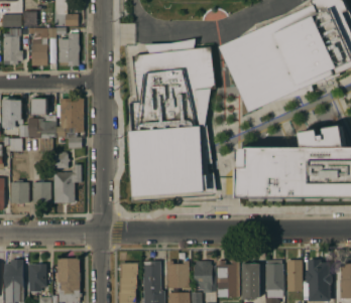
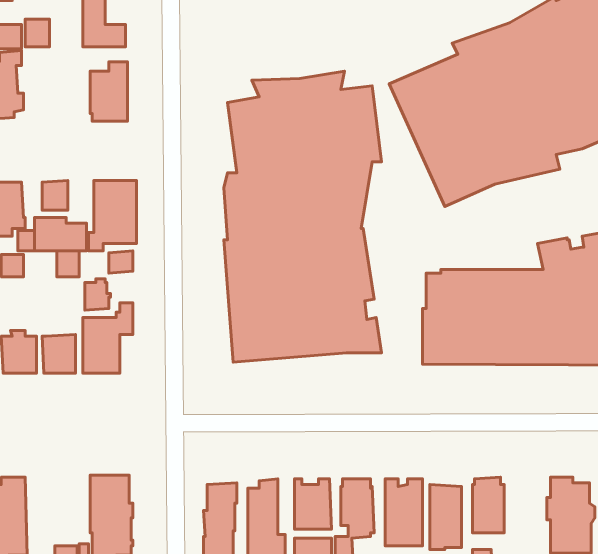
building: [30,28,54,64] -> none
building: [286,260,302,292] -> none
building: [28,264,45,292] -> none

